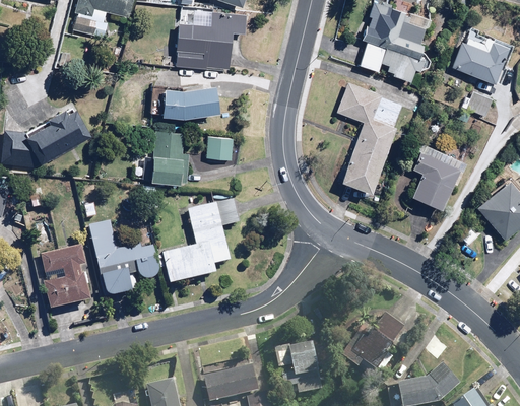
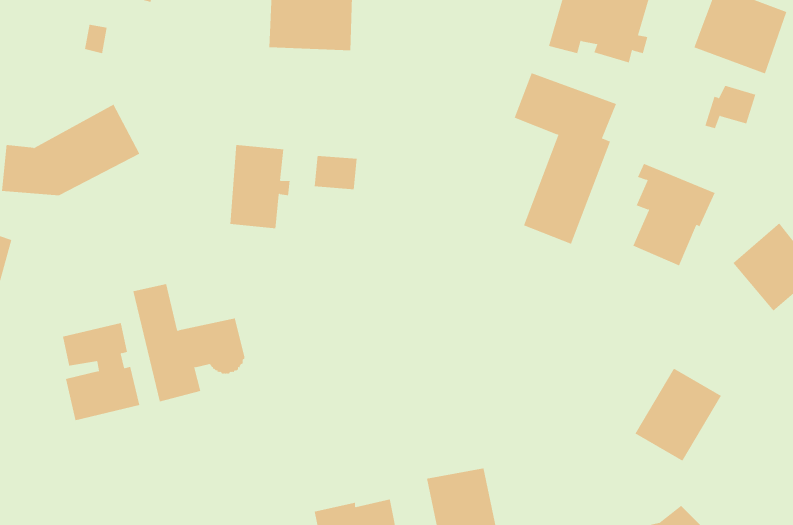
building: [161,86,219,117] -> none
building: [161,198,239,284] -> none
building: [346,308,403,368] -> [634,368,722,461]

